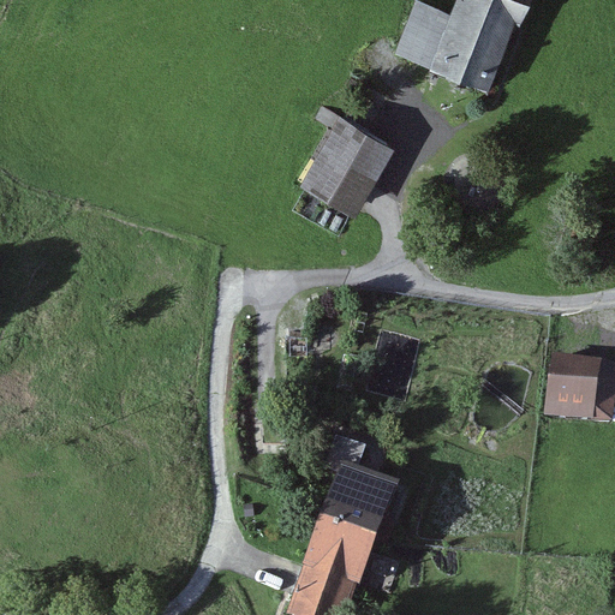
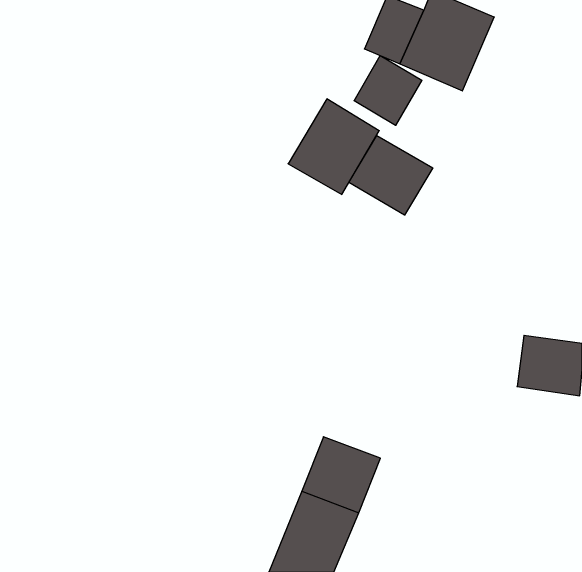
building: none -> [354,56,422,125]
building: none -> [349,136,433,215]

